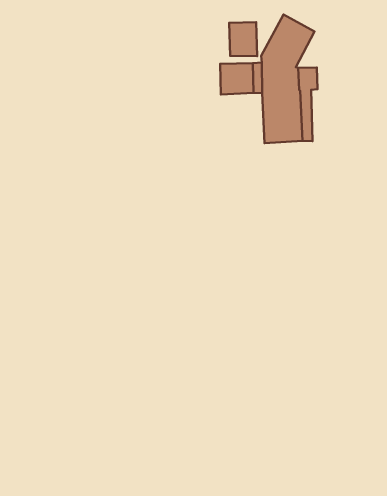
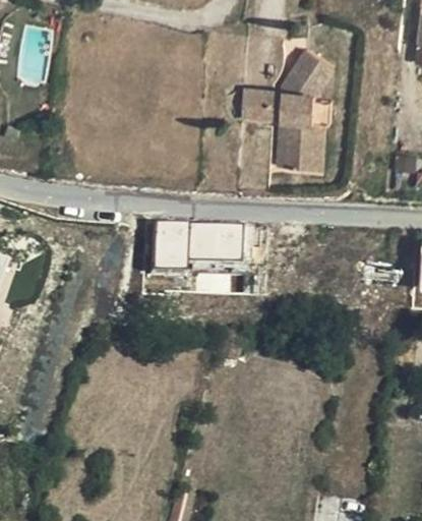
building: [229,22,257,56] -> none
building: none -> [154,222,243,268]

